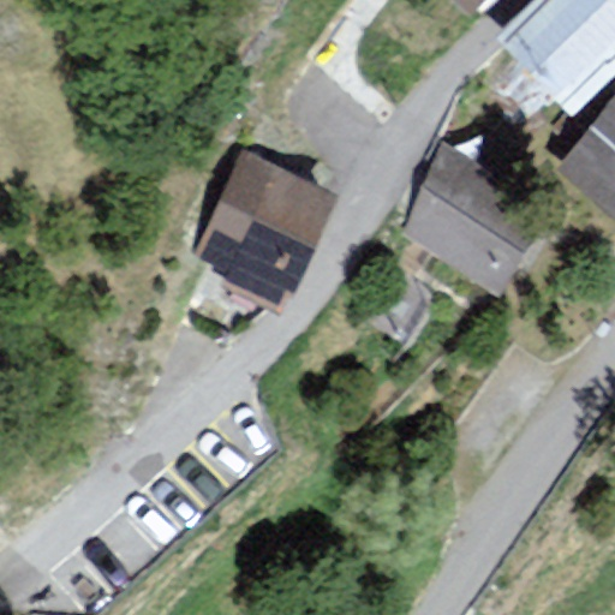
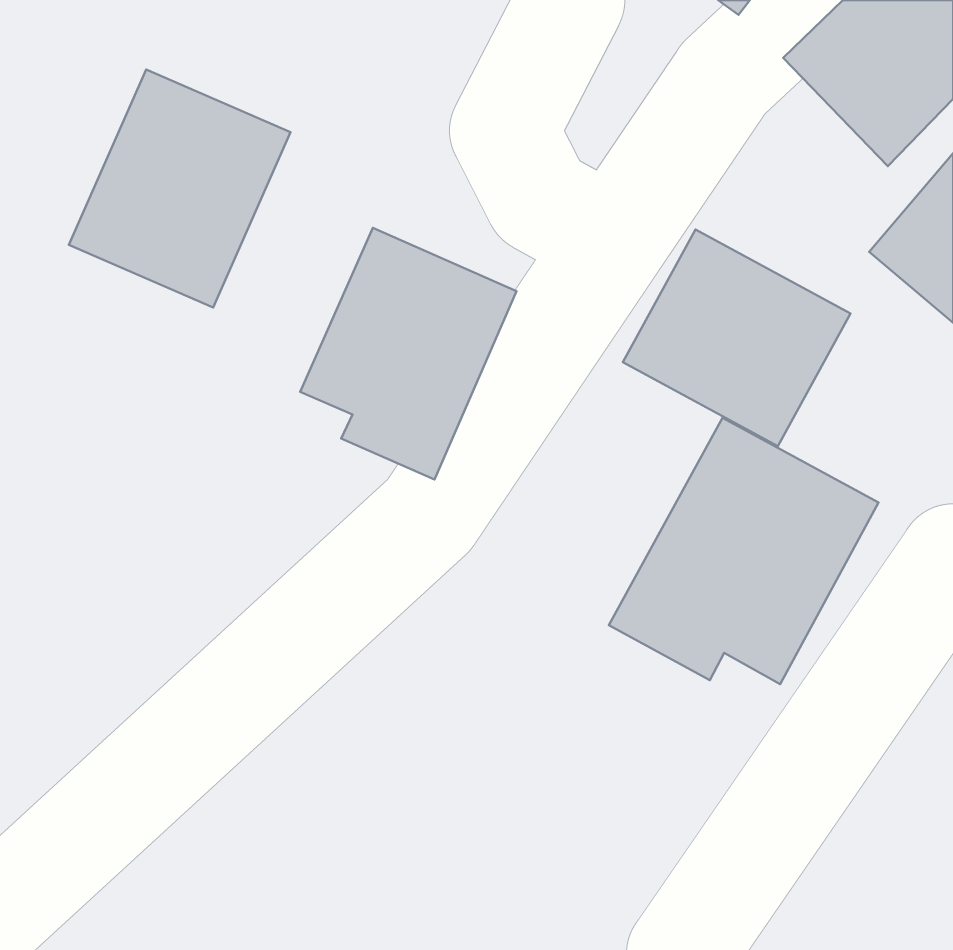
building: none -> [69,69,290,308]
building: none -> [609,418,878,684]

